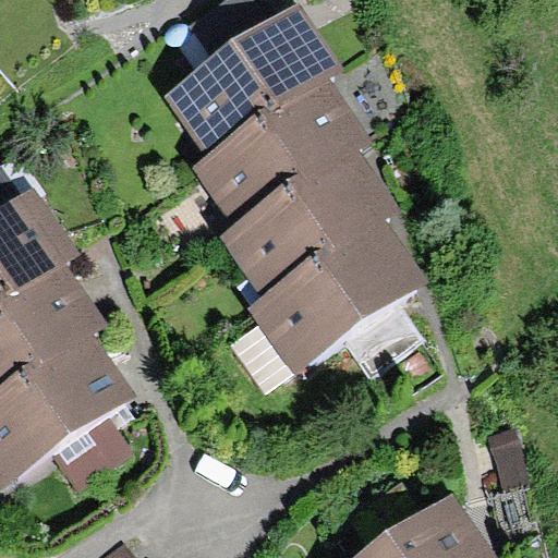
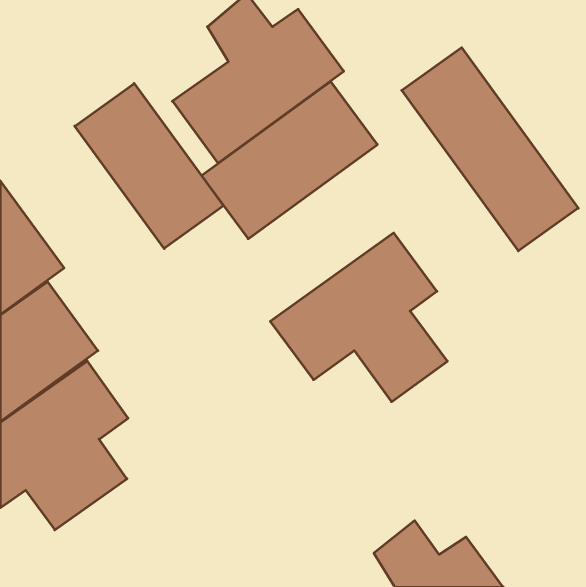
building: none -> [402,48,578,251]
building: none -> [75,83,224,249]
building: [231,149,388,290] -> none

